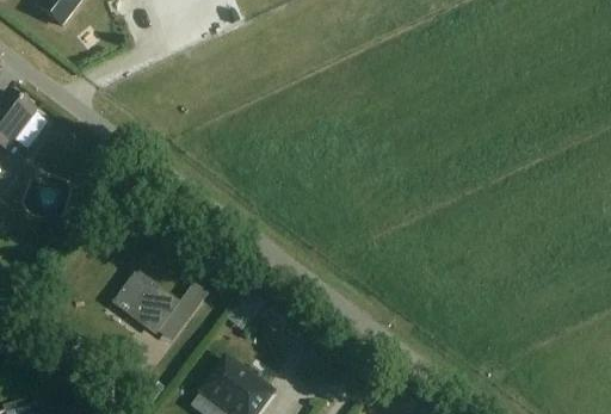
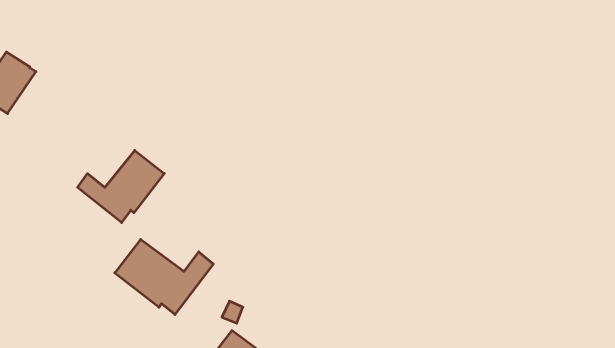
building: none -> [78,150,164,223]

